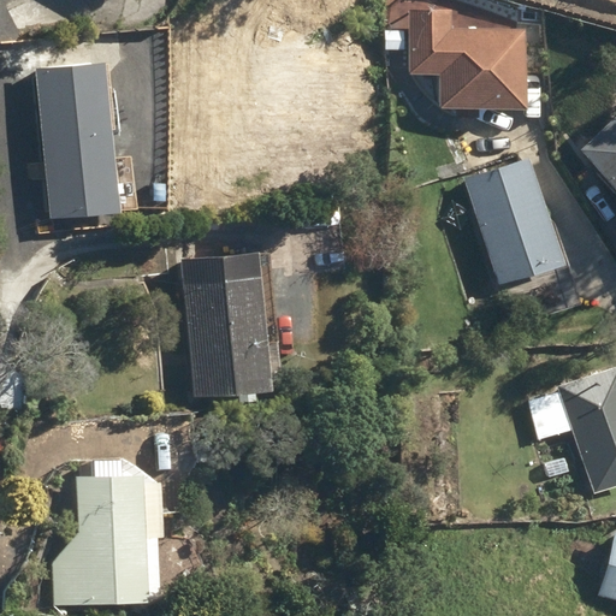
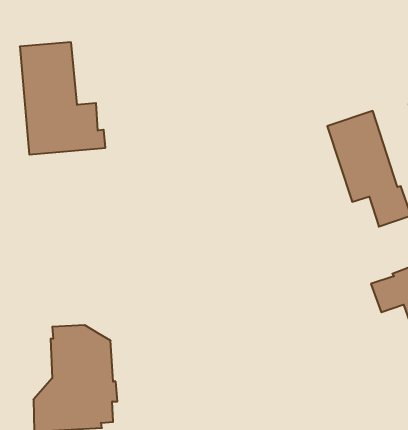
building: [403,16,514,114] -> none
building: [176,243,278,397] -> none

